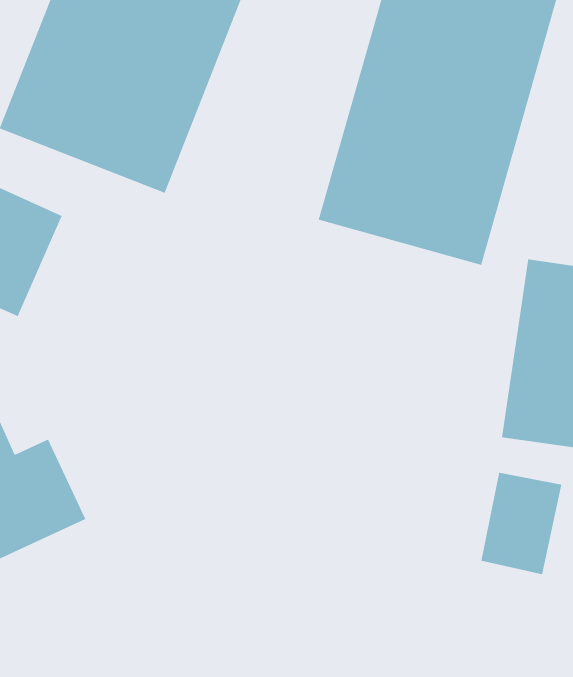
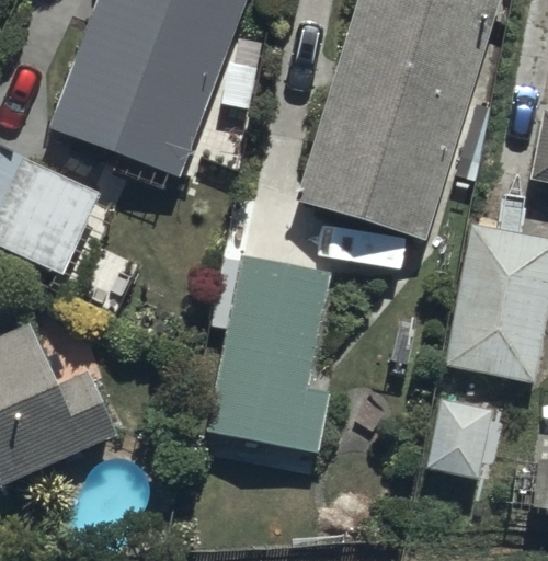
building: none -> [207,255,333,451]

